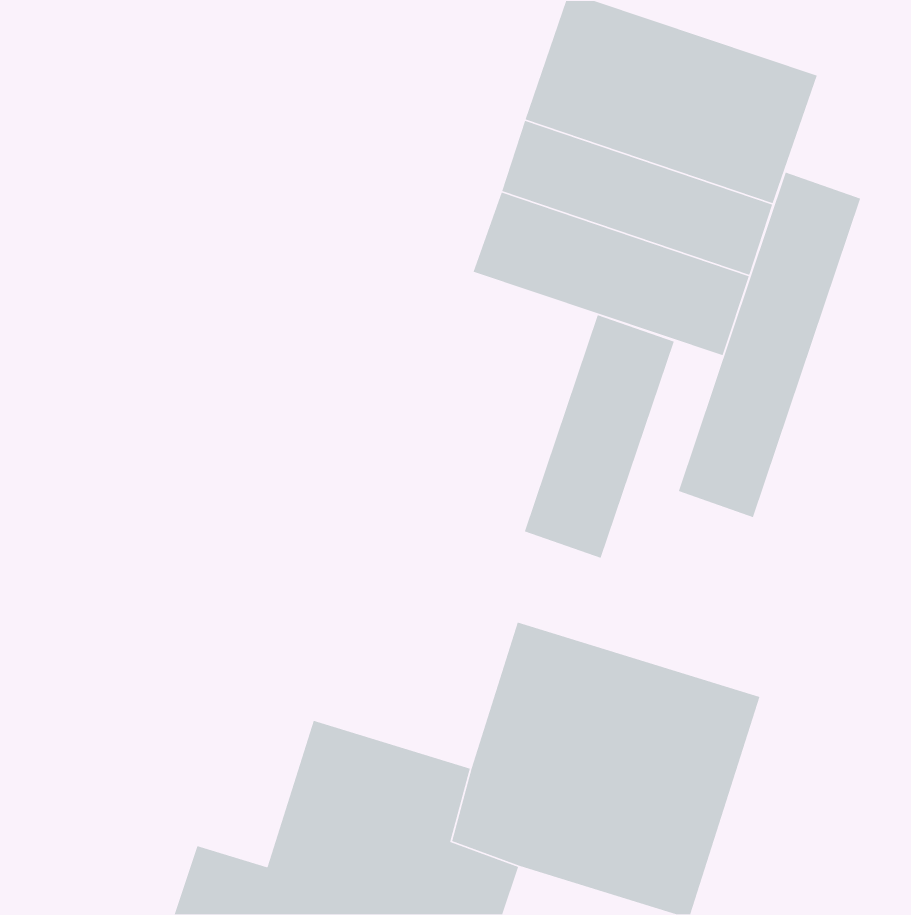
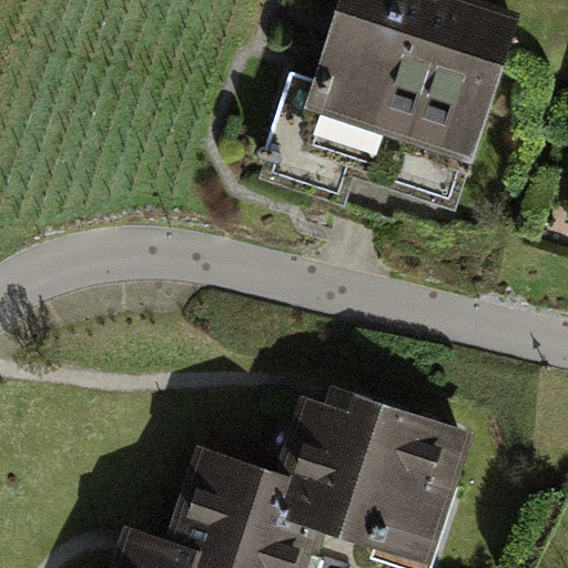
building: [678,171,861,518] -> none
building: [524,314,675,559] -> none

